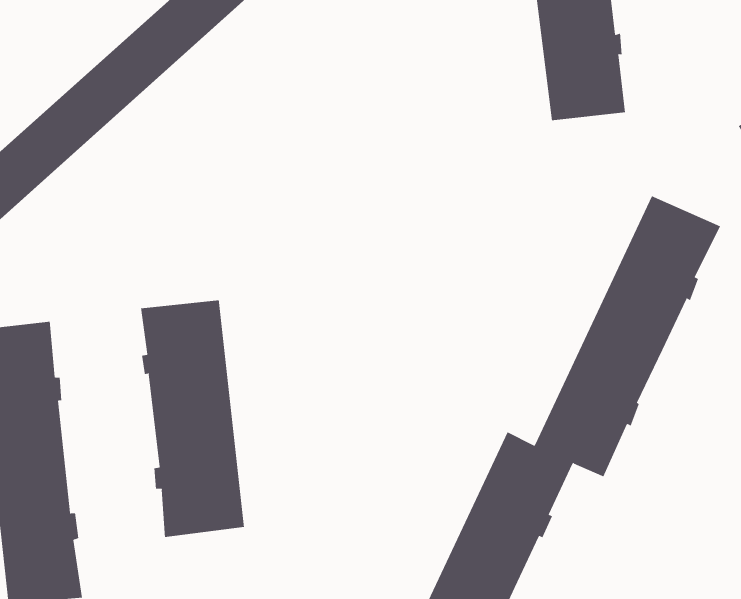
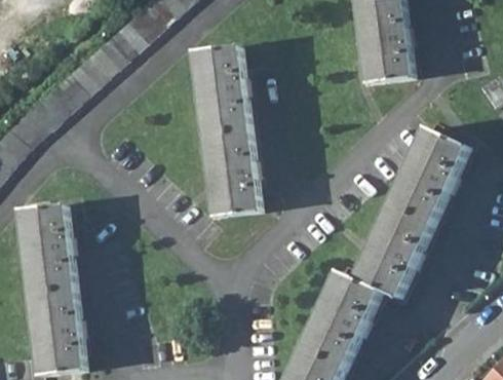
building: none -> [194,47,260,217]
building: [140,300,245,538] -> none

